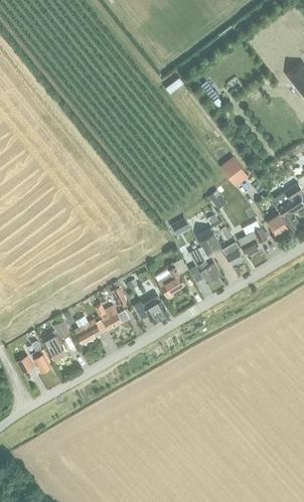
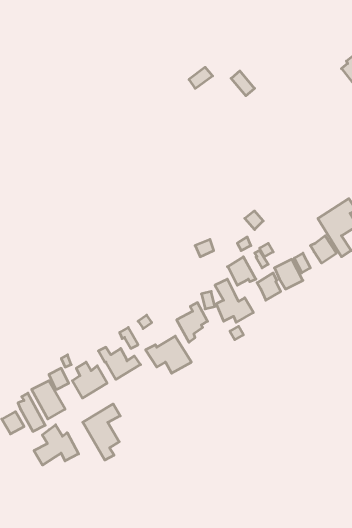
building: [219,157,248,186] -> none
building: none -> [83,404,120,460]
building: none -> [34,425,79,465]

